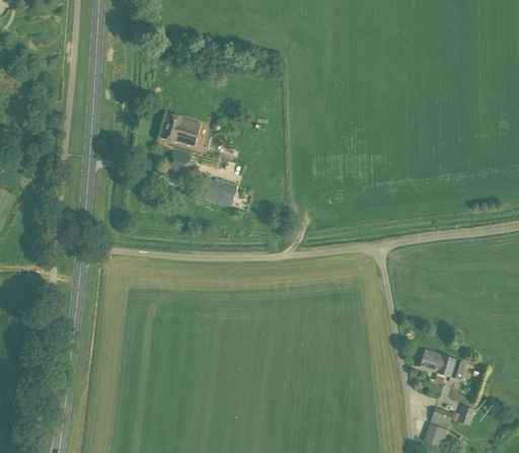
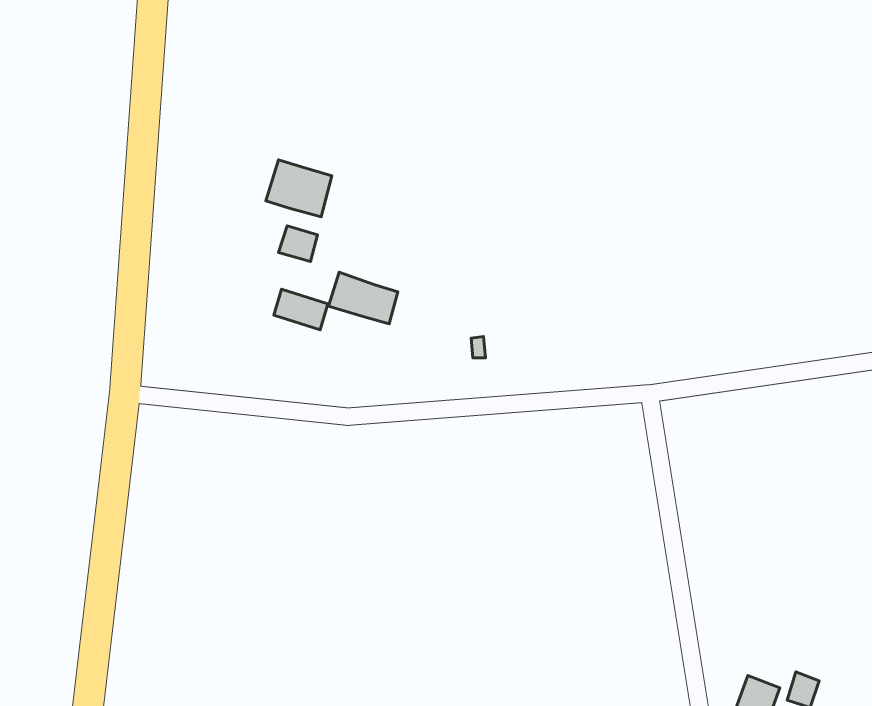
building: none -> [274,289,328,330]
building: [420,350,464,378] -> none

